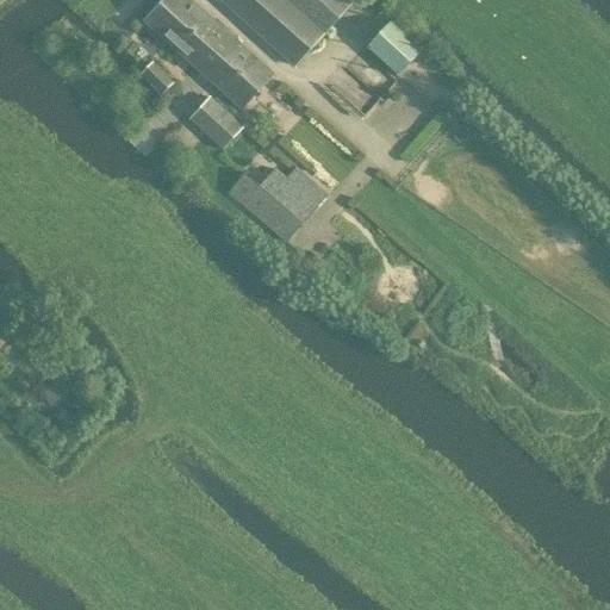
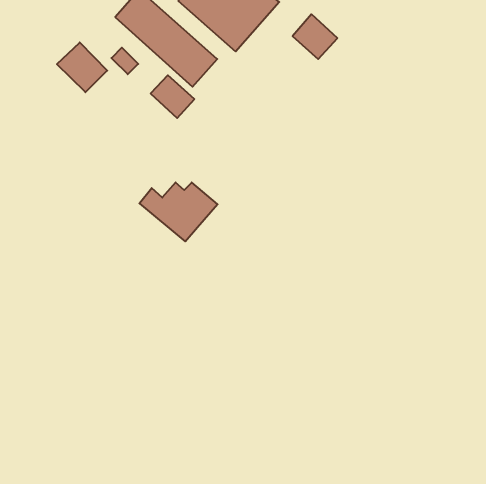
building: none -> [57,42,107,92]
building: [229,166,326,239] -> [139,182,218,241]

